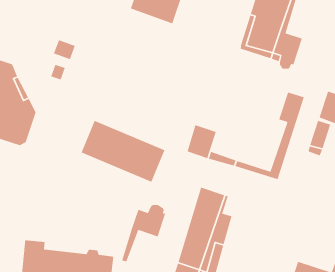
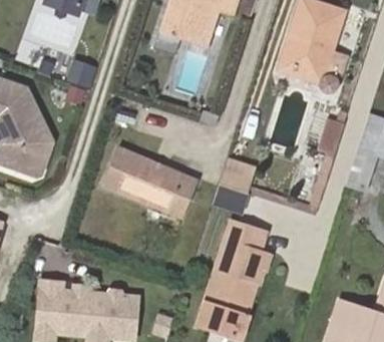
building: [121,204,166,262] -> none

